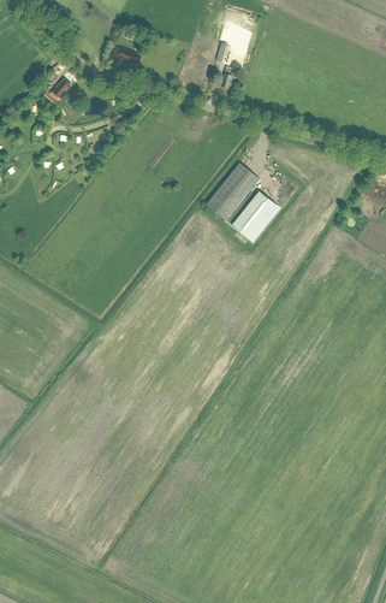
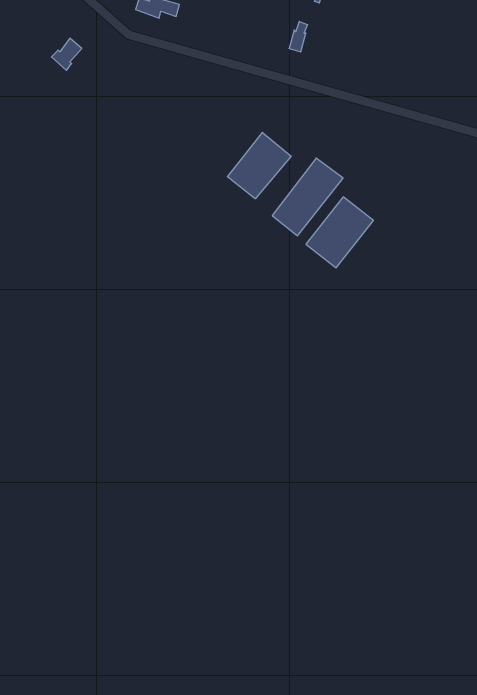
building: none -> [227,132,291,199]

